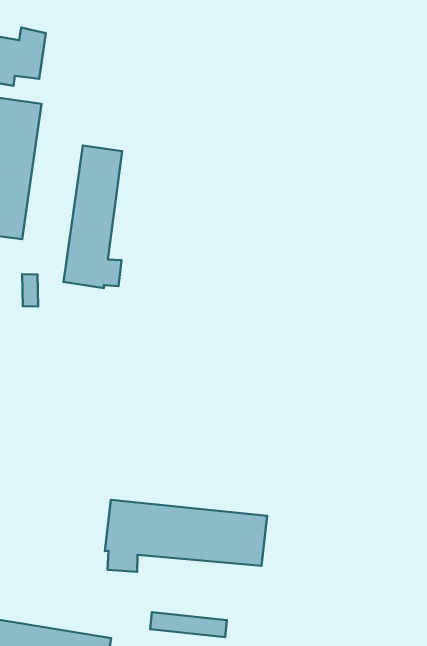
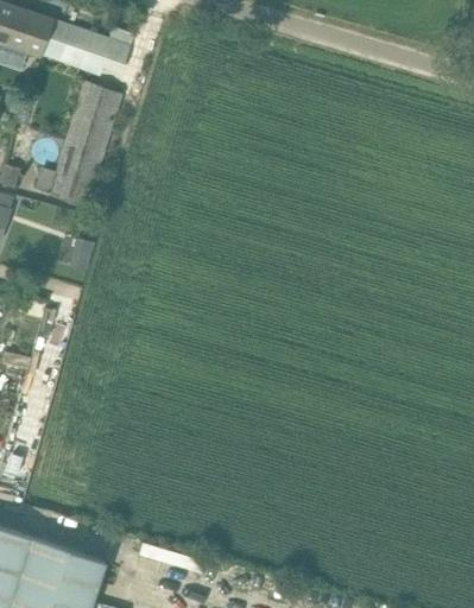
building: [64,146,122,288] -> none
building: [105,500,267,572] -> none

